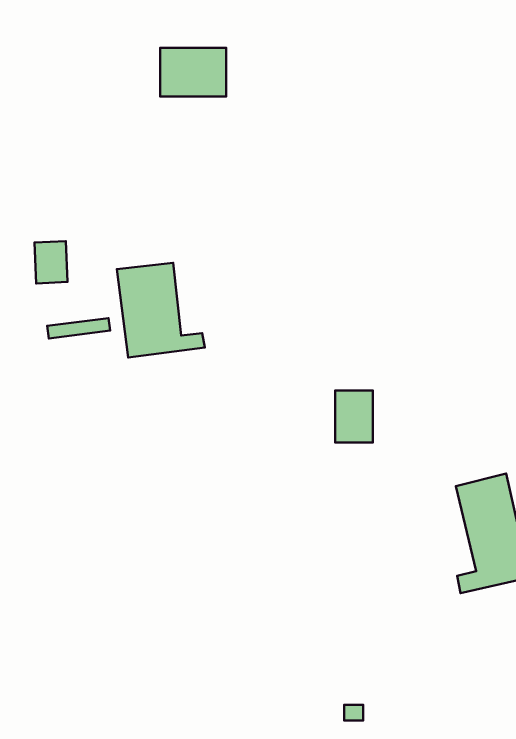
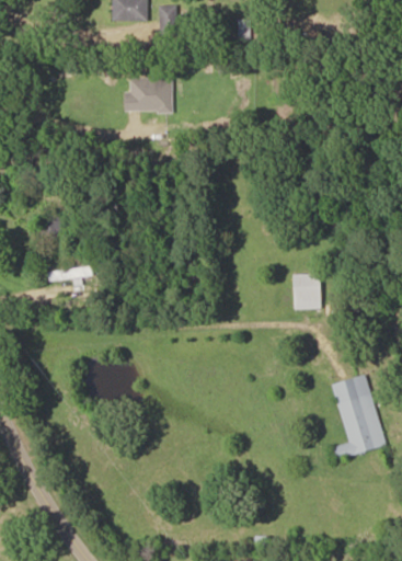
building: [117,263,205,357] -> none
building: [335,391,373,443] -> [294,273,320,309]

